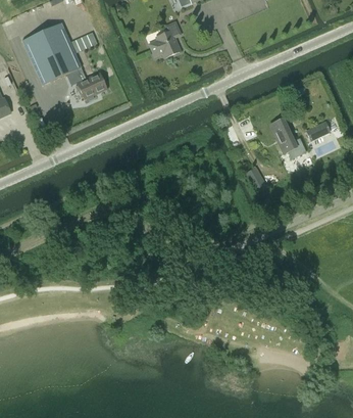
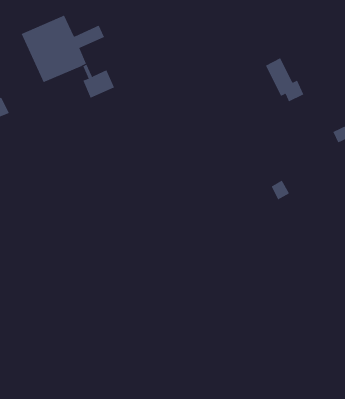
building: [149,21,181,57] -> none
building: [269,118,305,158] -> [265,58,304,102]

